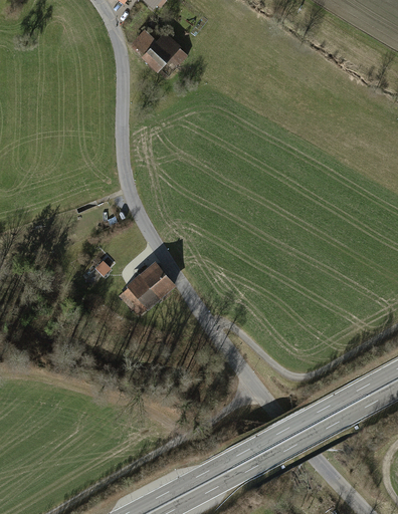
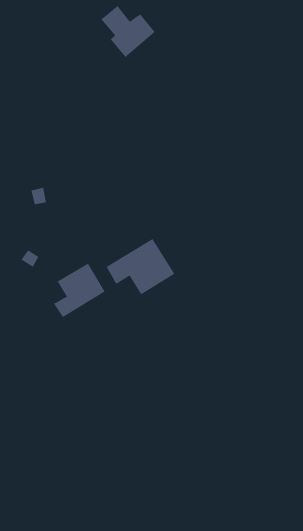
building: none -> [106,238,175,295]

